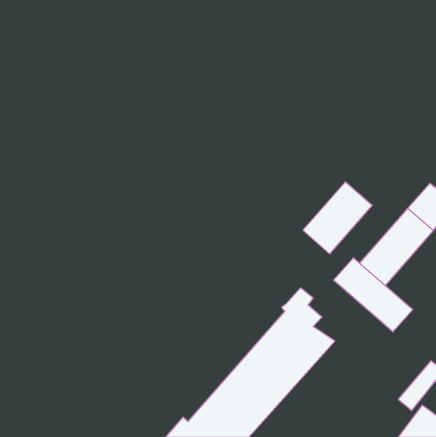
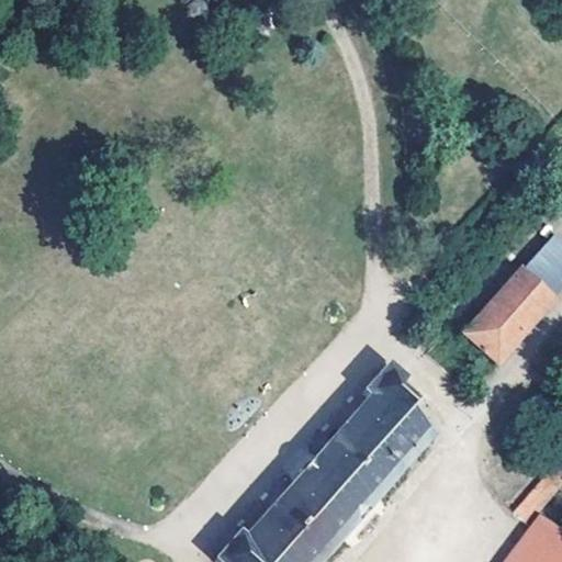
building: [303,182,372,254] -> none
building: [334,258,413,332] -> none

